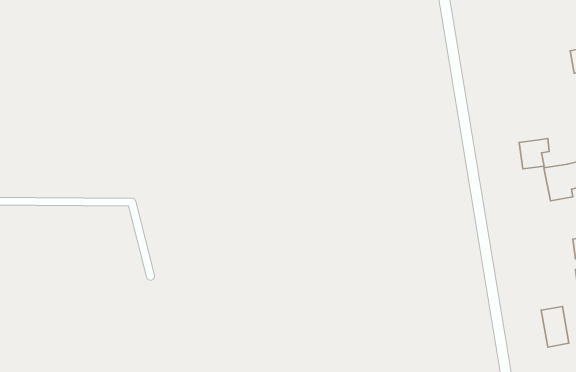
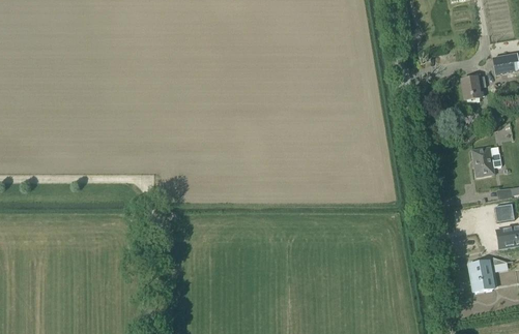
building: [519,138,549,169] -> [461,75,485,99]

